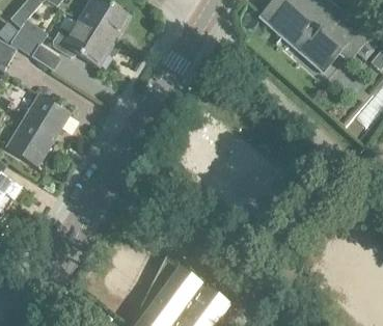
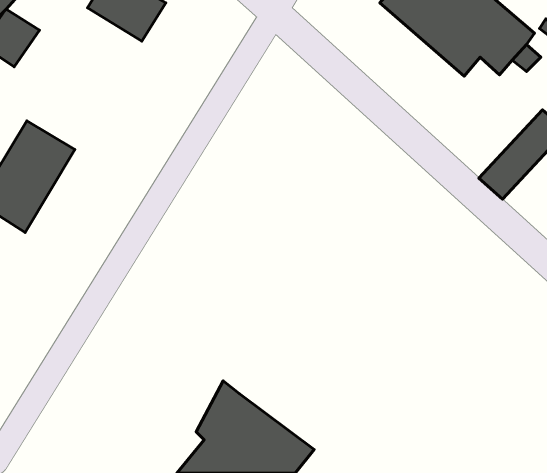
building: [54,18,119,64] -> none

